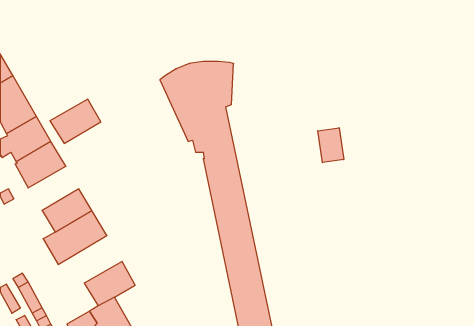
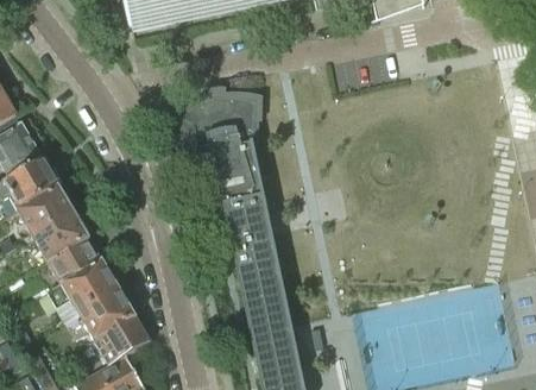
building: [50,99,101,143] -> [32,210,88,259]
building: [318,128,344,163] -> none
building: none -> [65,287,135,339]

